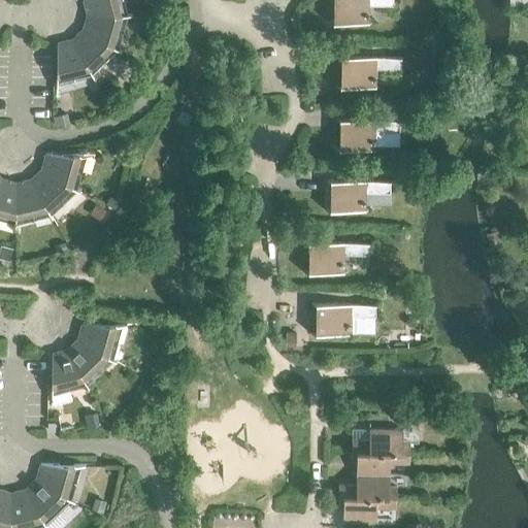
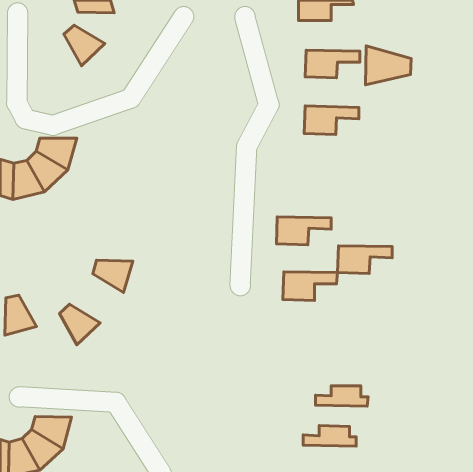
building: [84,15,128,51] -> none
building: [57,40,92,85] -> none
building: none -> [366,46,411,85]
building: [330,182,391,212] -> [338,246,392,274]
building: [78,325,123,361] -> [93,260,133,293]
building: [52,351,87,395] -> [5,295,36,335]
building: [352,453,409,476] -> none
building: [338,497,397,521] -> none

